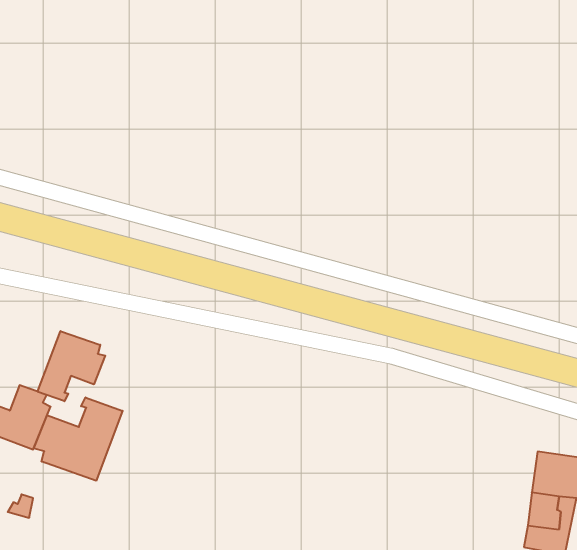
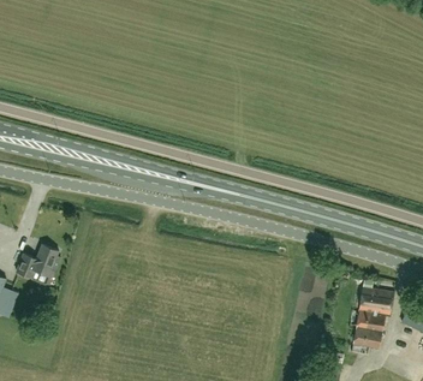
building: [38,331,105,401] -> none
building: [34,397,123,481] -> none

